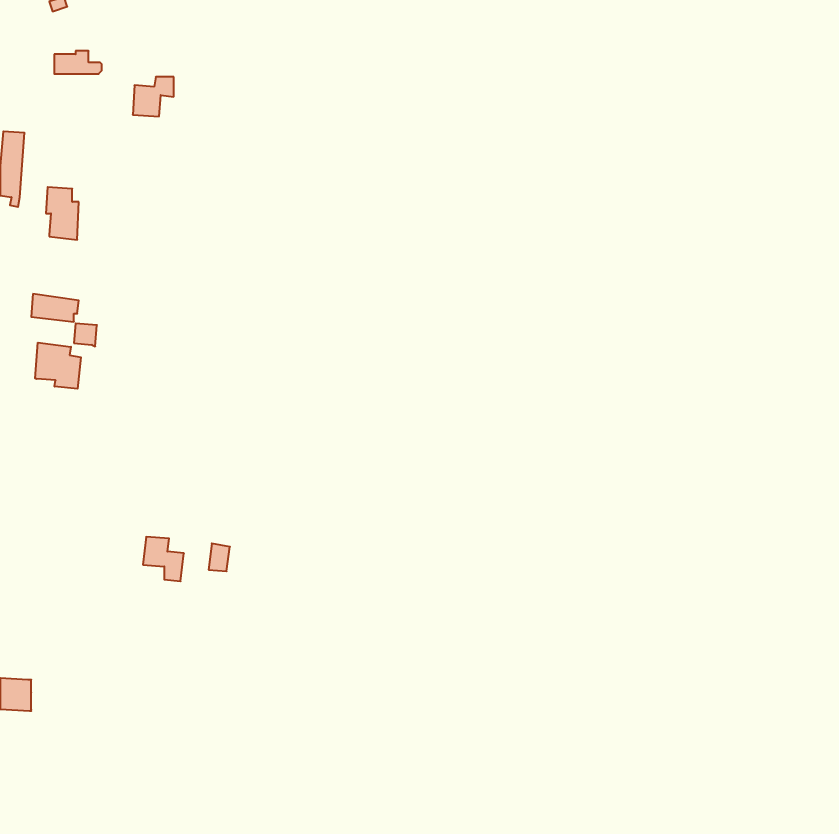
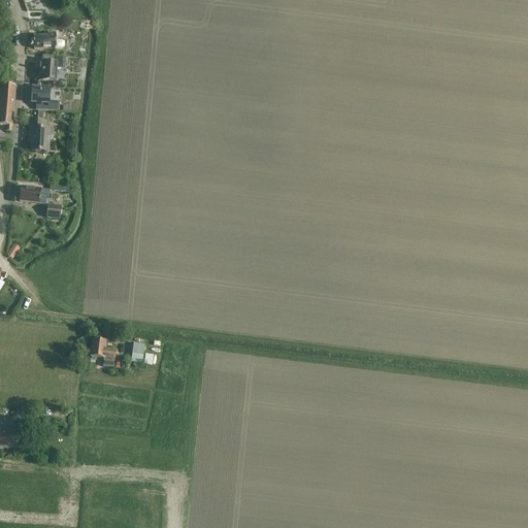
building: [133,77,174,116] -> [39,55,65,79]
building: none -> [31,85,58,109]
building: [35,343,81,389] -> none

